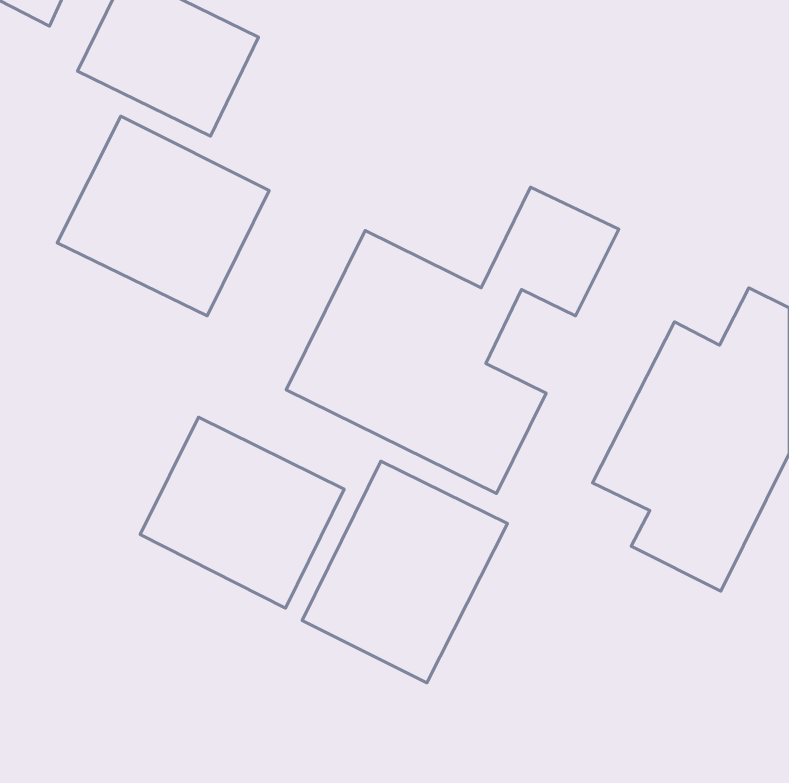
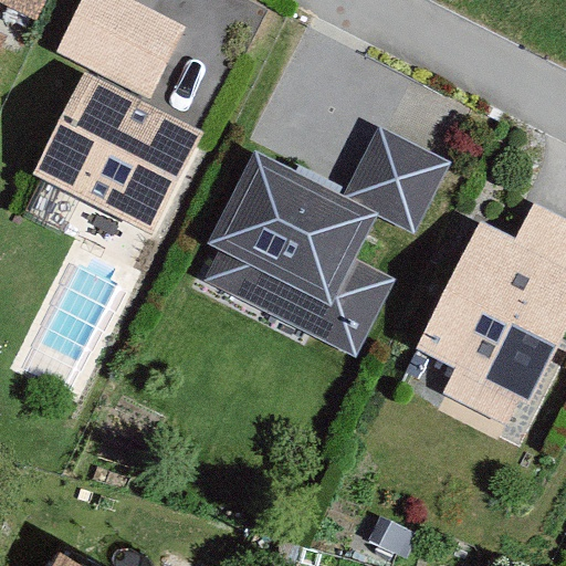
building: [140,417,344,608] -> none
building: [302,461,508,683] -> none

